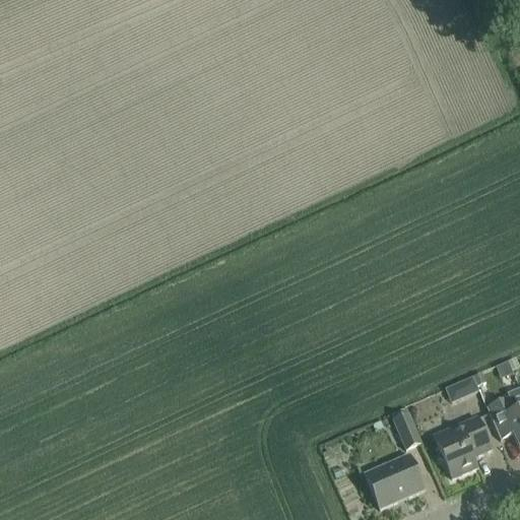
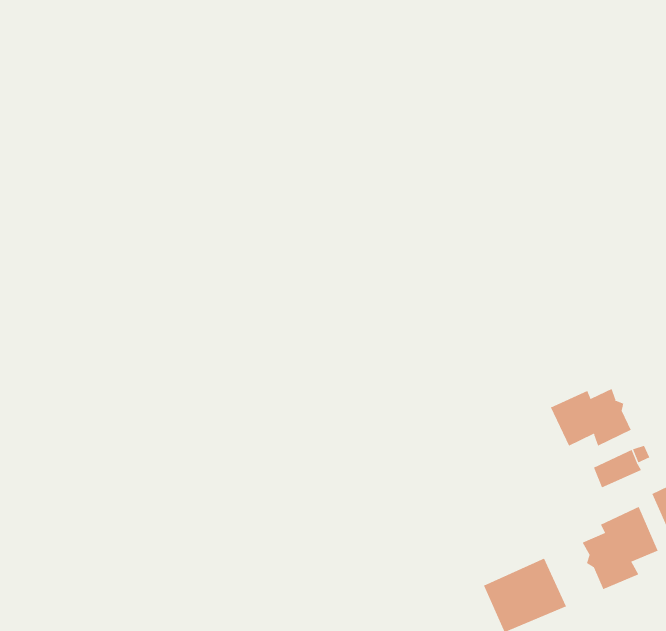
building: none -> [550,388,632,447]
building: [394,411,421,448] -> none

